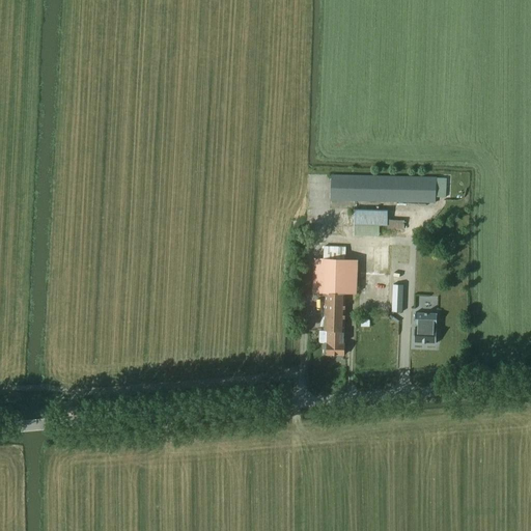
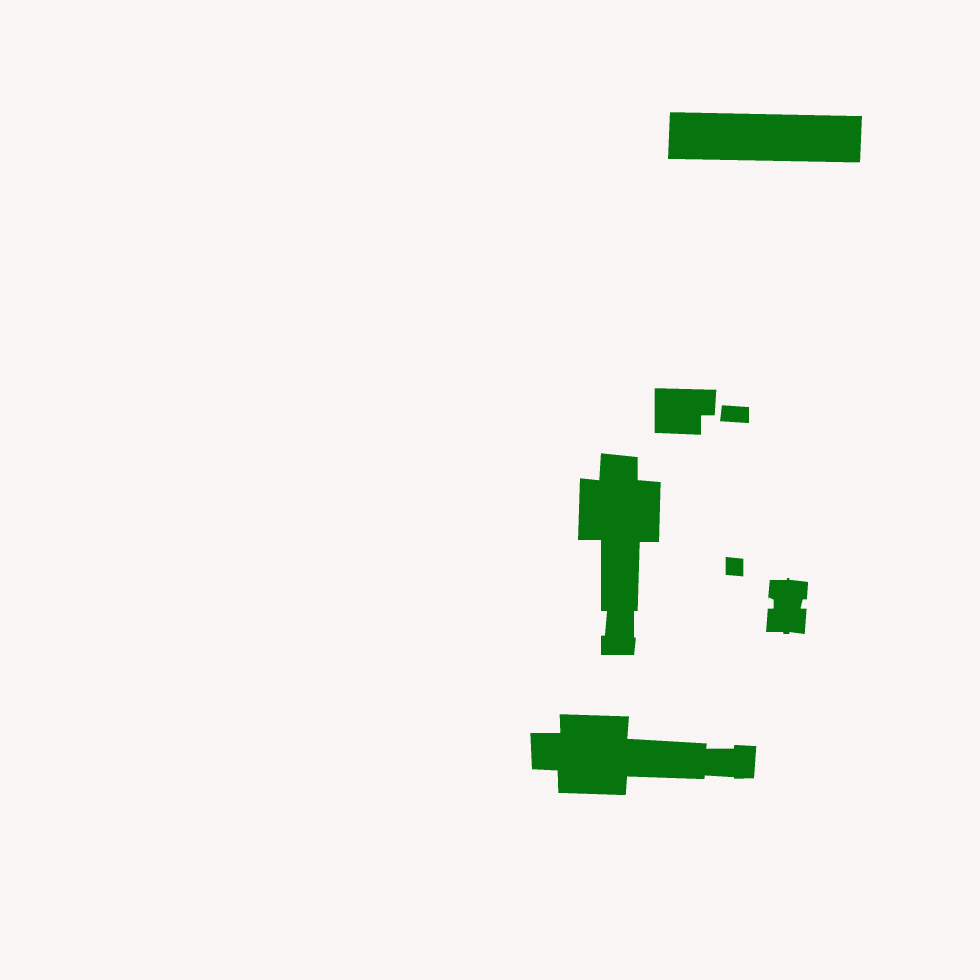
building: [331,175,437,203] -> [667,112,863,163]
building: none -> [529,714,757,796]

